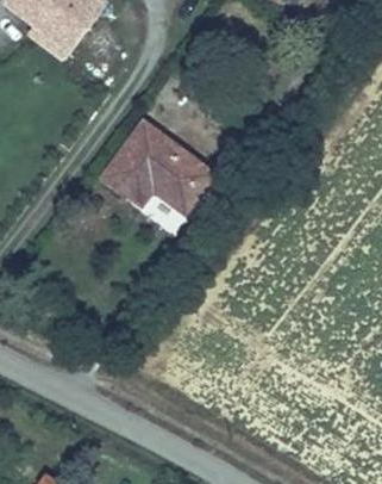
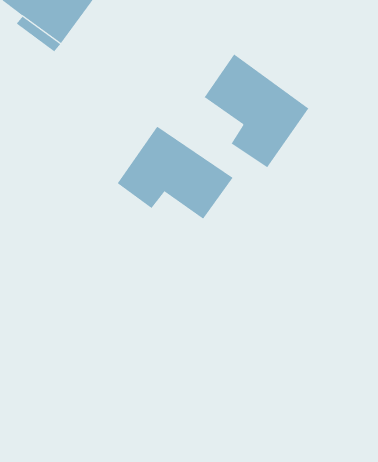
building: none -> [204,53,309,168]

